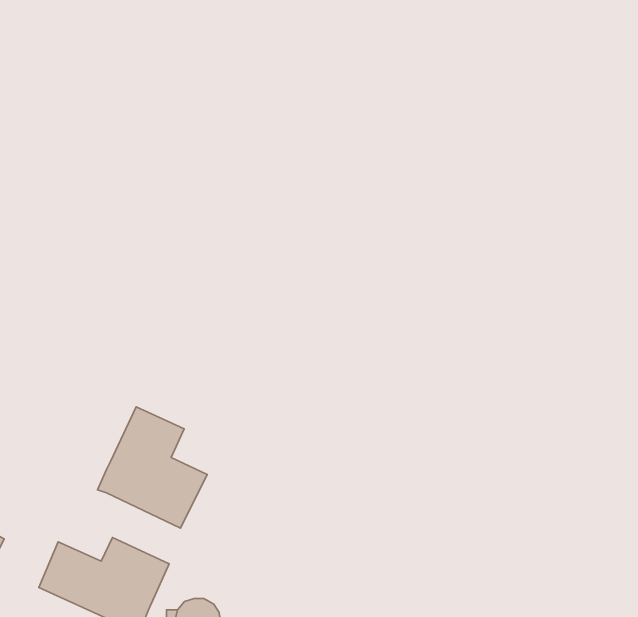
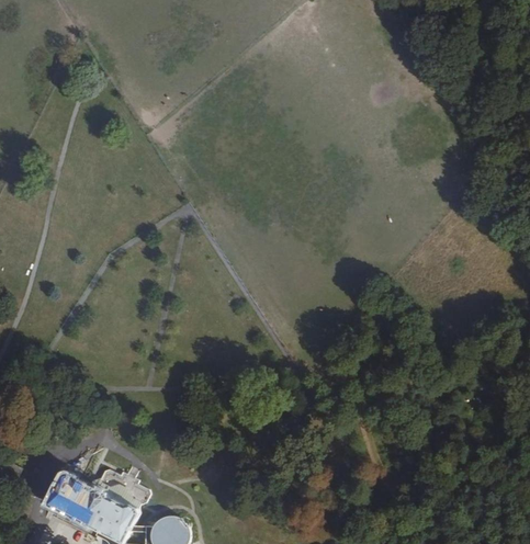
building: [98,407,207,528] -> none

